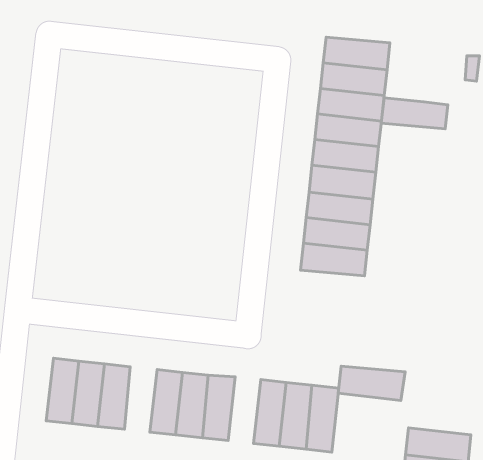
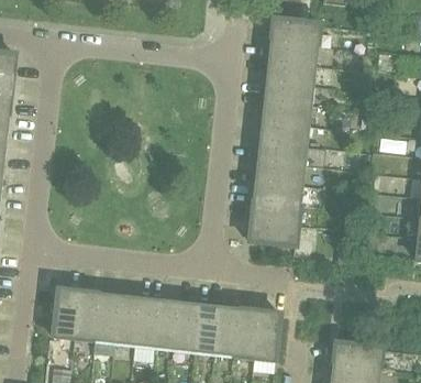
building: [381,98,448,129] -> [269,19,321,43]
building: [338,366,405,400] -> [247,219,299,245]
building: none -> [113,294,139,344]
building: none -> [193,302,219,353]

